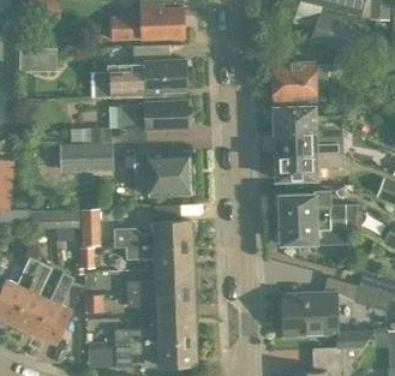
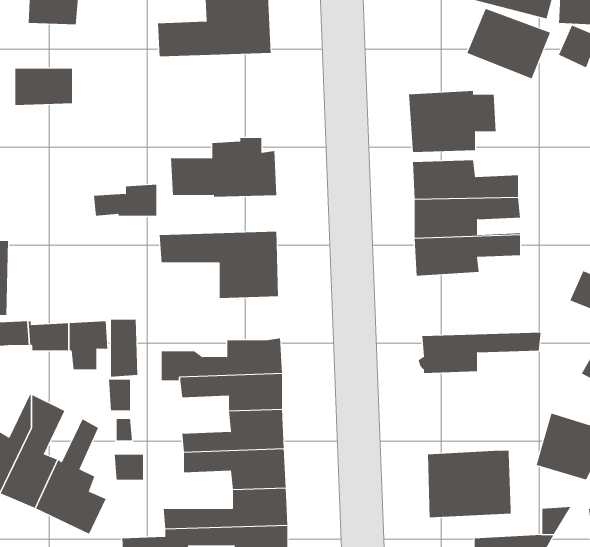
building: [90,60,186,99] -> none
building: [59,144,112,173] -> none
building: [276,195,358,220] -> none

